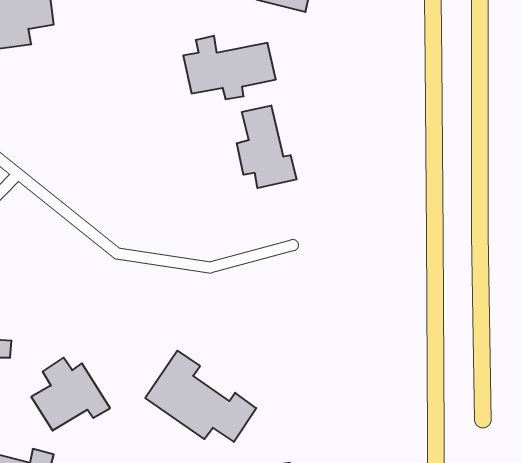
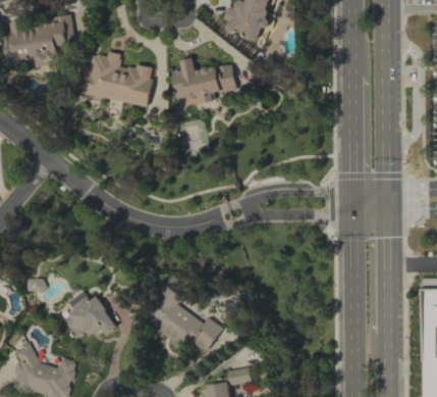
building: none -> [81,51,153,105]
building: [237,105,297,188] -> none

